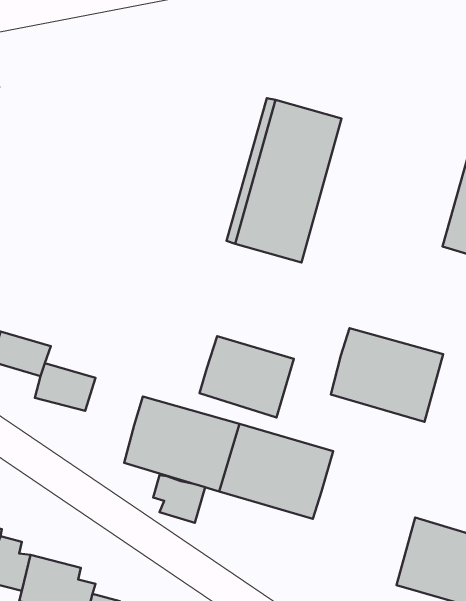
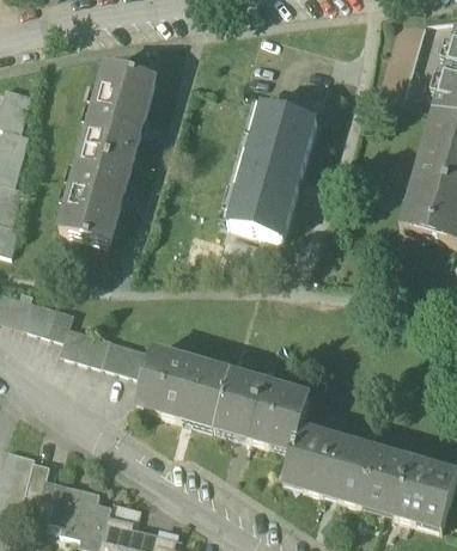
building: none -> [60,63,156,243]
building: [331,328,443,422] -> [284,428,377,506]
building: [199,336,294,417] -> none
building: none -> [103,333,152,373]
building: [153,475,205,523] -> none

